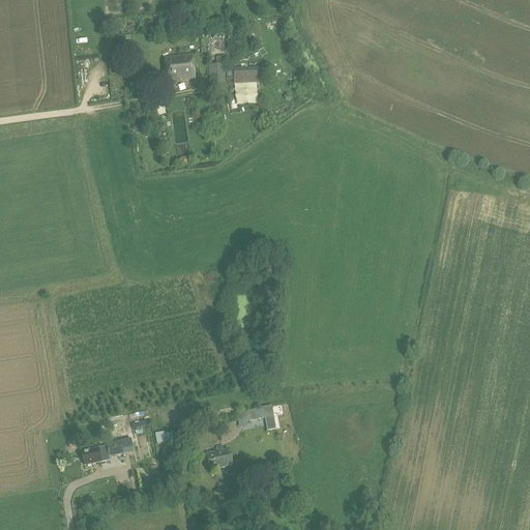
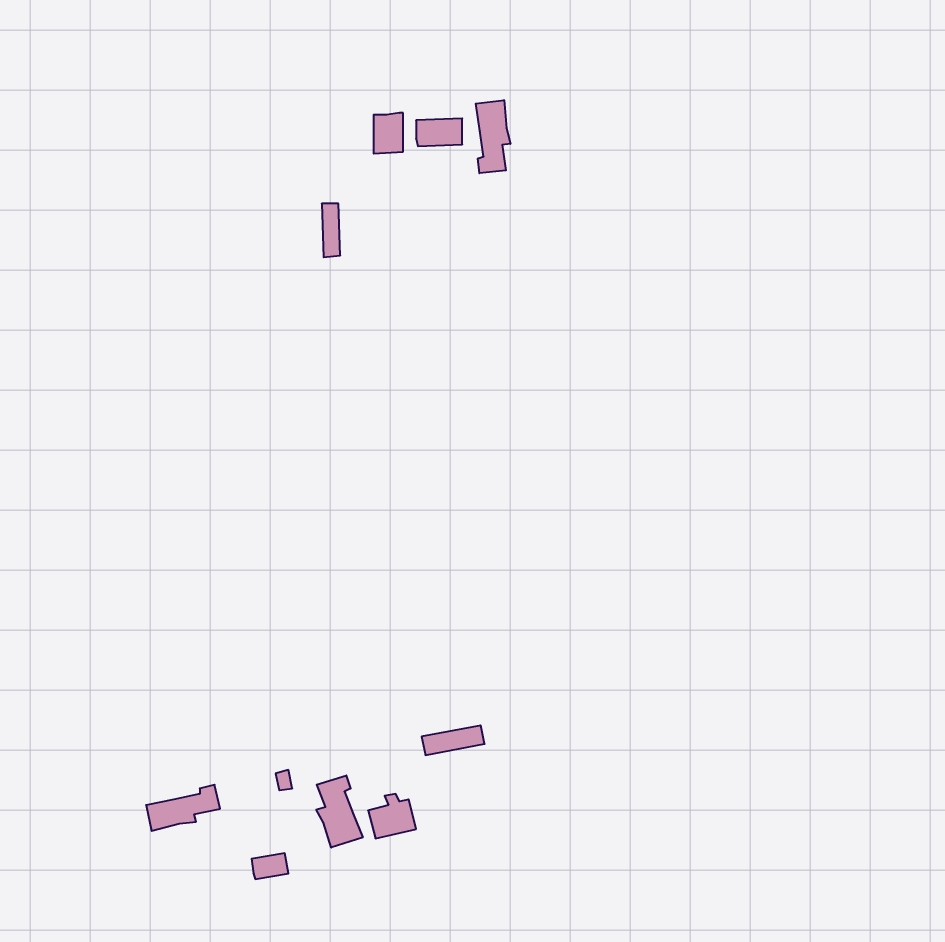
building: [165,54,195,81] -> none
building: none -> [476,100,510,173]
building: none -> [316,775,363,848]

